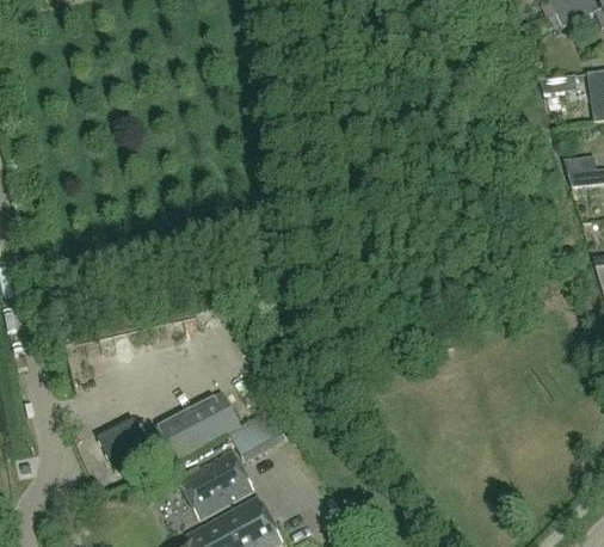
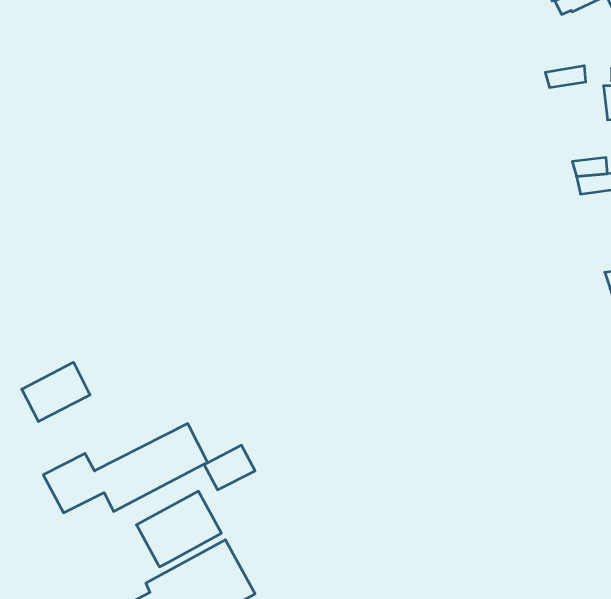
building: none -> [22,362,90,422]

